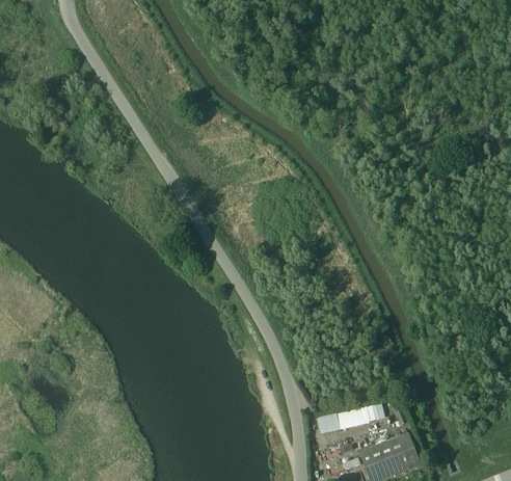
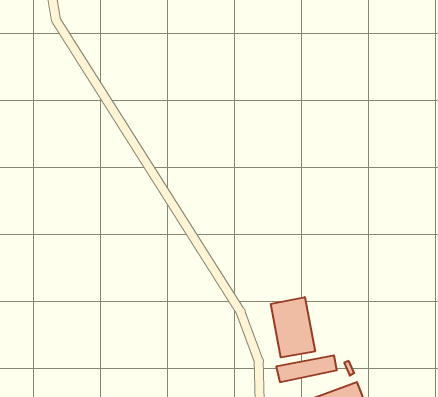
building: none -> [271,297,315,357]

